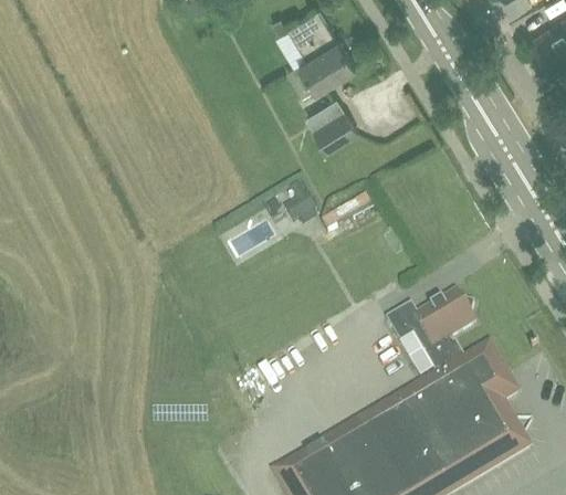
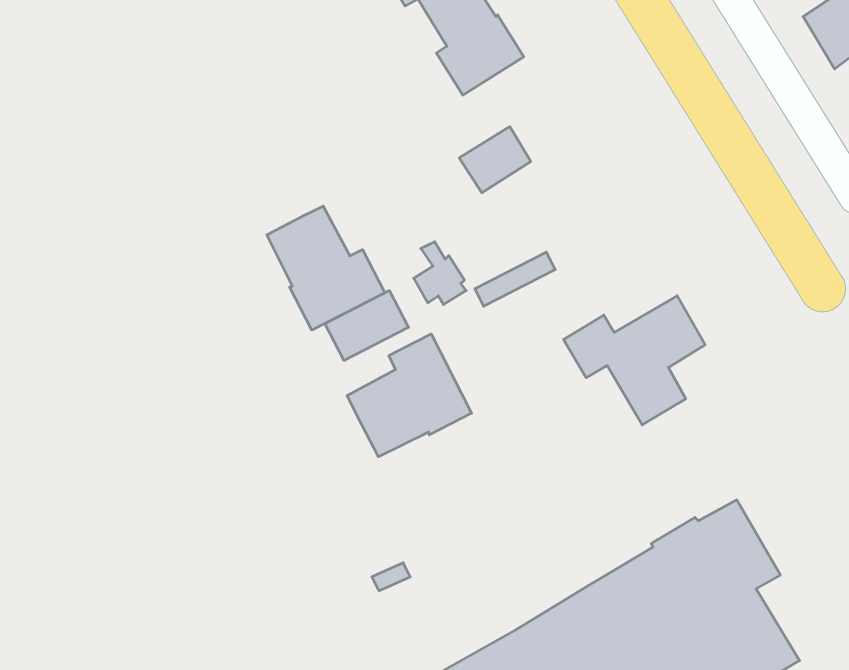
building: none -> [267,206,385,330]
building: none -> [347,334,472,457]
building: [382,287,472,369] -> [564,296,705,425]

